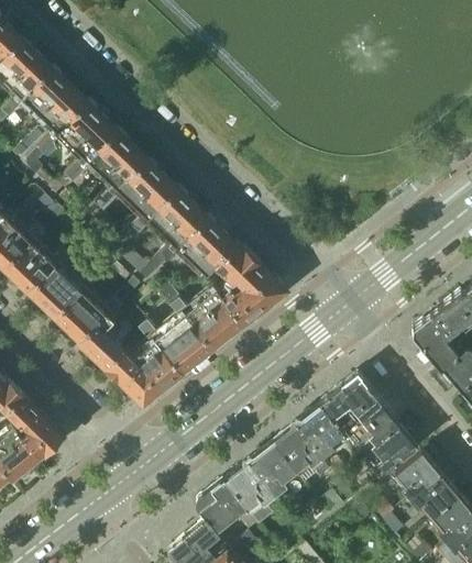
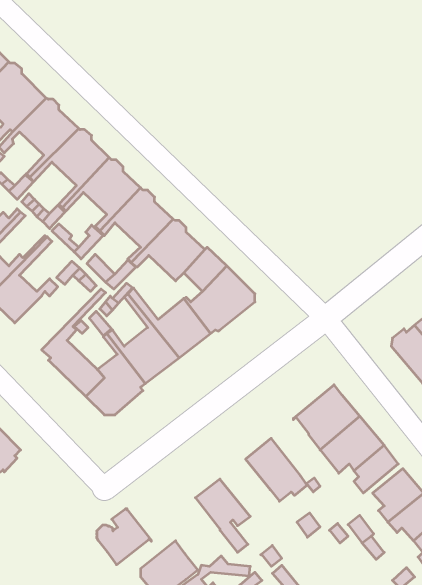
building: [56,282,138,340] -> none
building: [298,404,344,459] -> none
building: [250,443,297,497] -> none
building: [198,479,250,532] -> [97,509,151,565]

